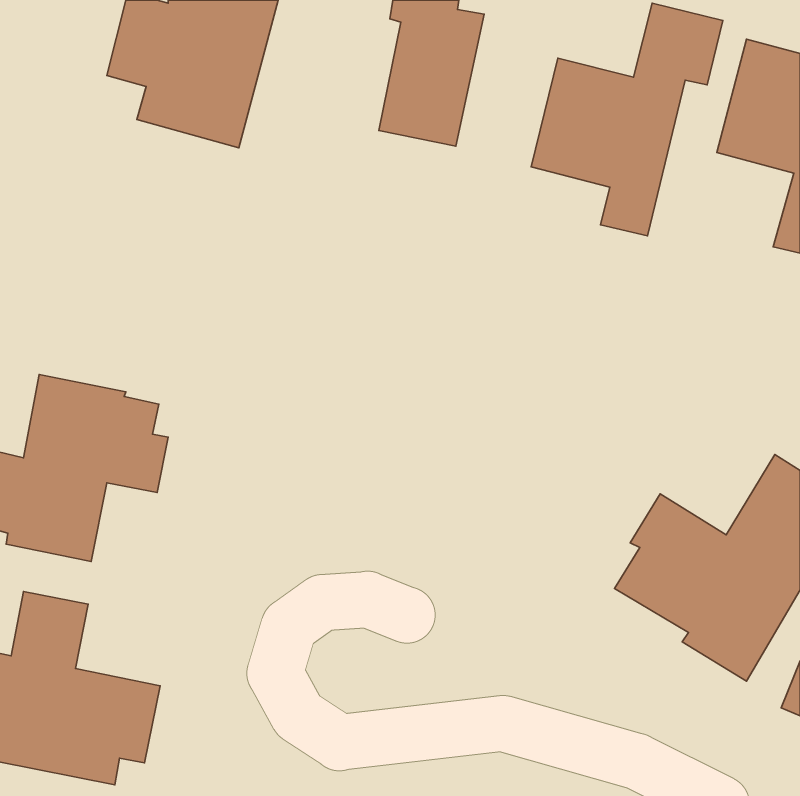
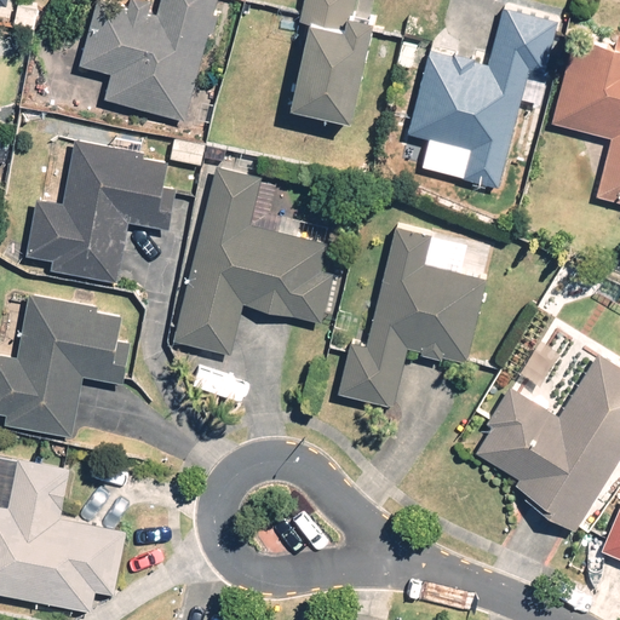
building: none -> [24,140,173,282]
building: none -> [174,167,333,355]
building: none -> [340,226,486,406]

